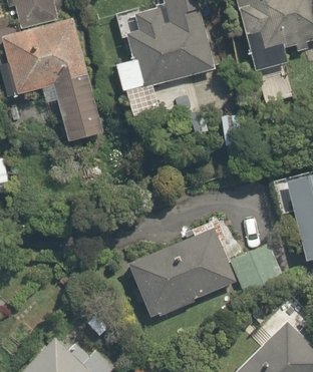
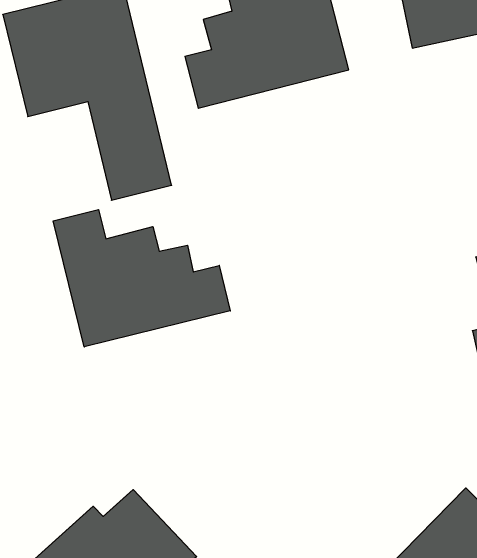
building: none -> [53,210,230,347]
building: [128,234,235,320] -> none

